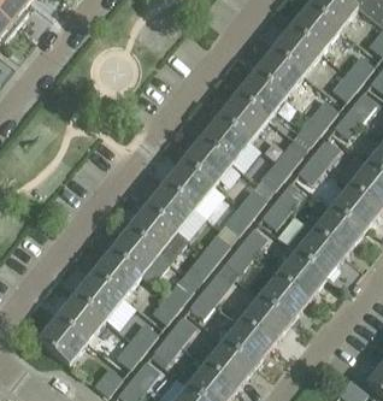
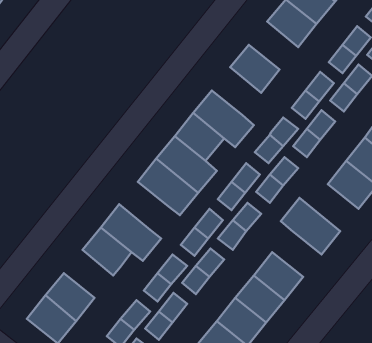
building: [254,49,302,96] -> none
building: [218,94,266,141] -> none
building: [128,206,176,253] -> none
building: [304,207,361,254] -> none
building: [277,253,325,299] -> none
building: [73,272,122,319] -> none

